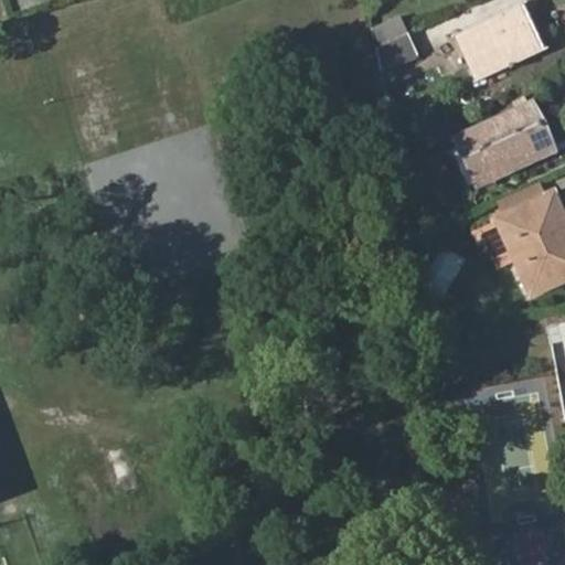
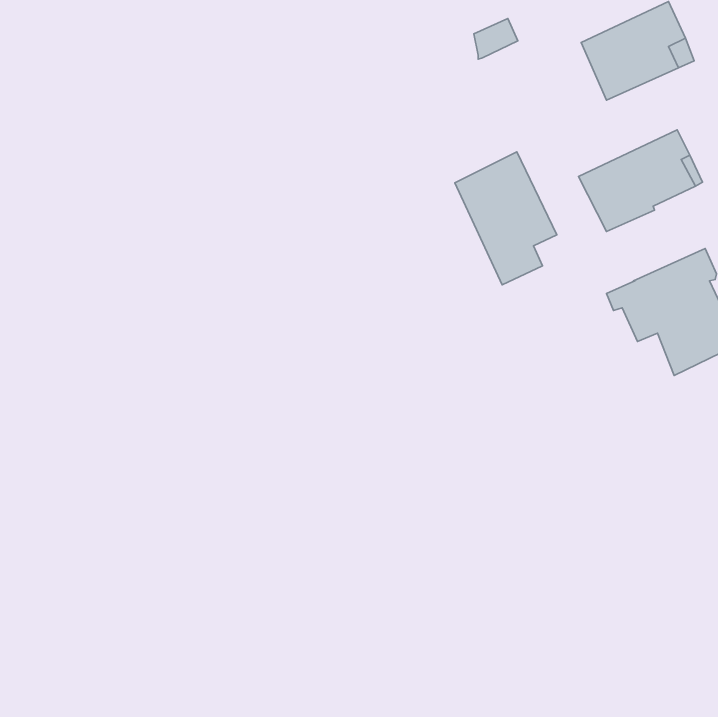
building: [376,31,419,72] -> none
building: none -> [455,152,557,285]

